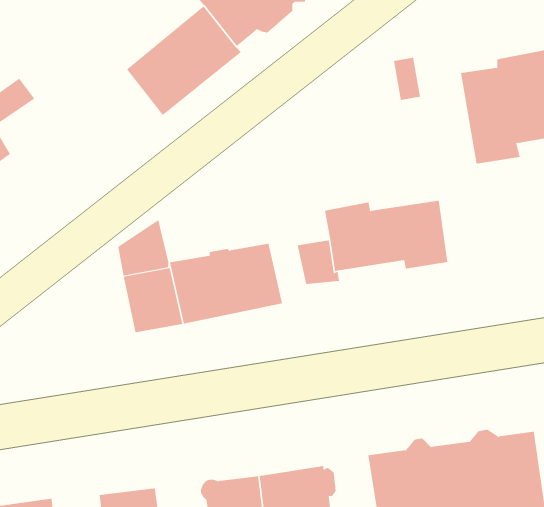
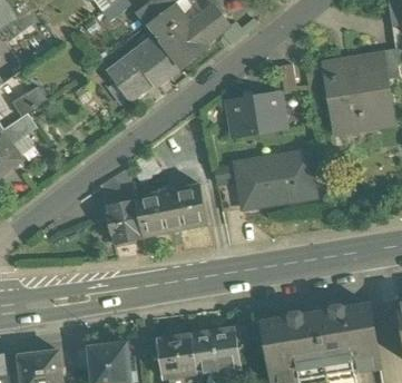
building: none -> [228,92,285,136]

